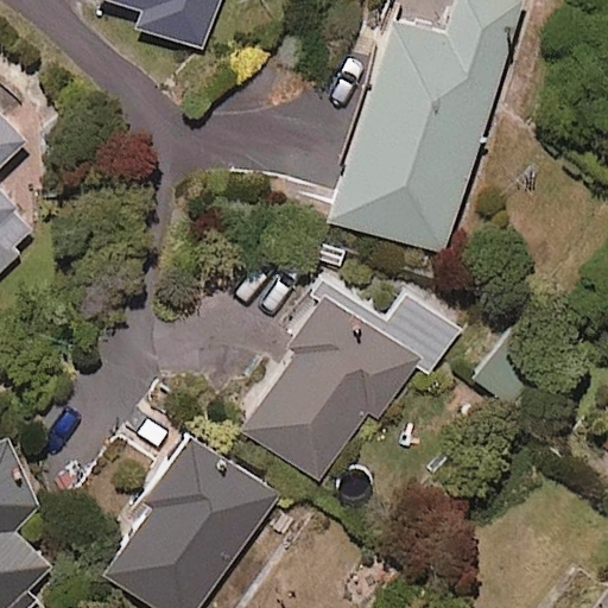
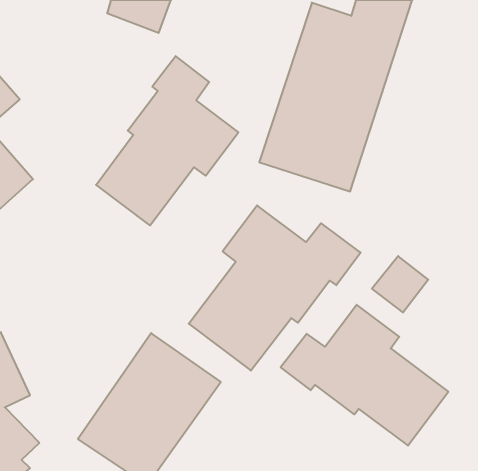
building: none -> [96,56,238,225]
building: none -> [281,305,448,446]

